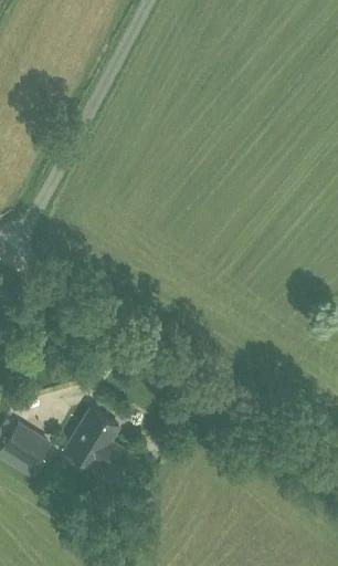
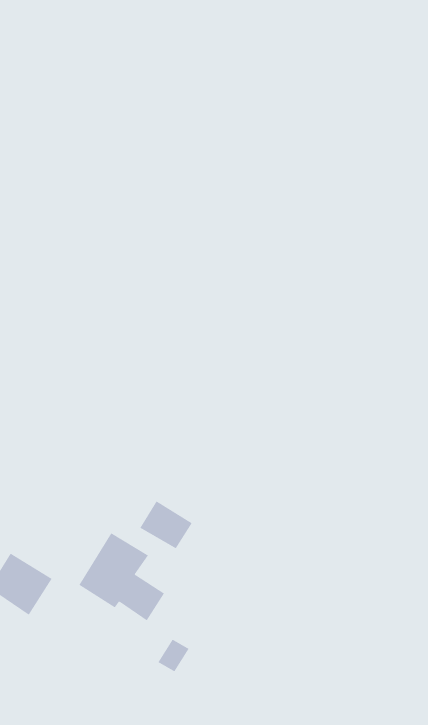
building: none -> [140,500,192,549]

